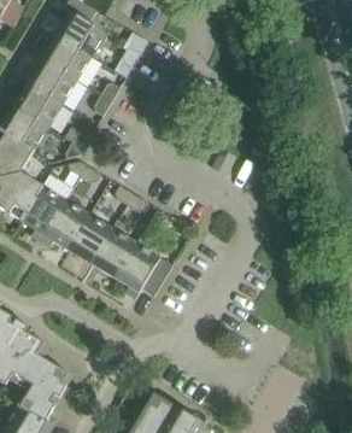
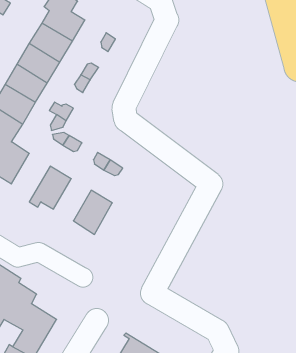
building: [20,174,72,241] -> none
building: [69,215,112,263] -> none
building: [116,238,172,299] -> none

